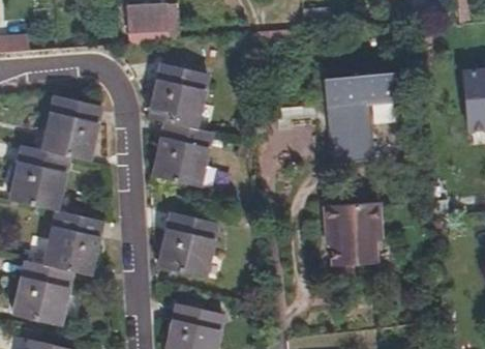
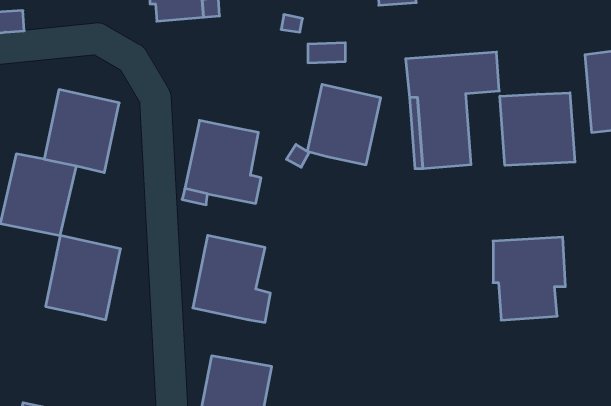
building: [150,66,207,128] -> [307,84,381,165]
building: none -> [500,93,575,165]
building: [324,197,380,261] -> [493,237,565,320]
building: [18,262,75,326] -> none

